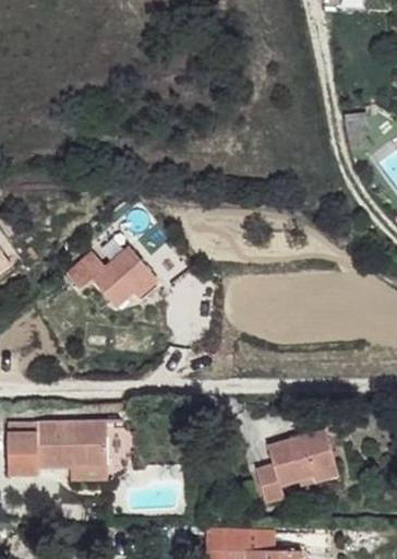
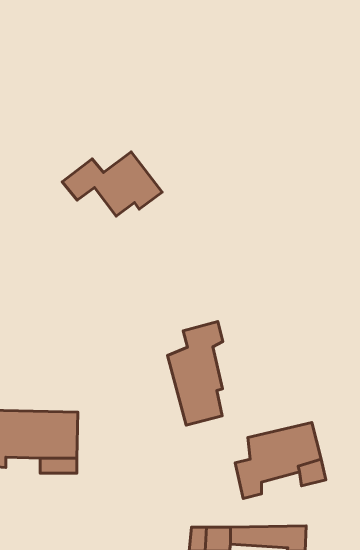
building: [65,237,160,298] -> [62,152,162,216]
building: none -> [168,321,223,425]

